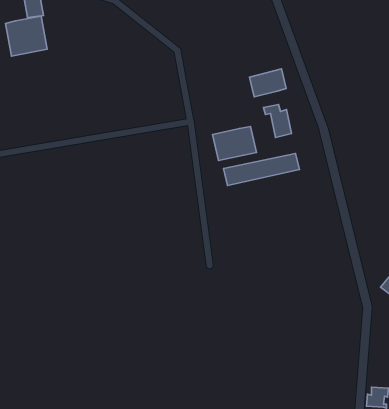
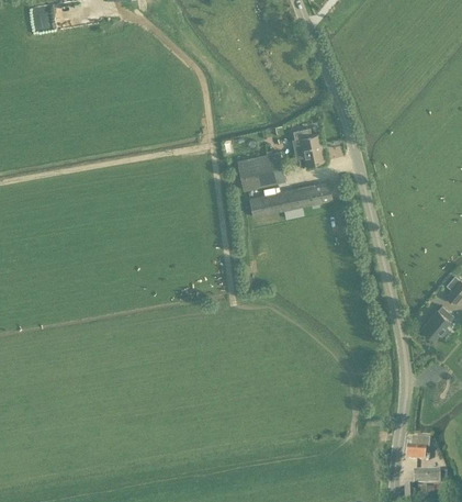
building: [5,16,47,56] -> none
building: [250,69,286,97] -> none

